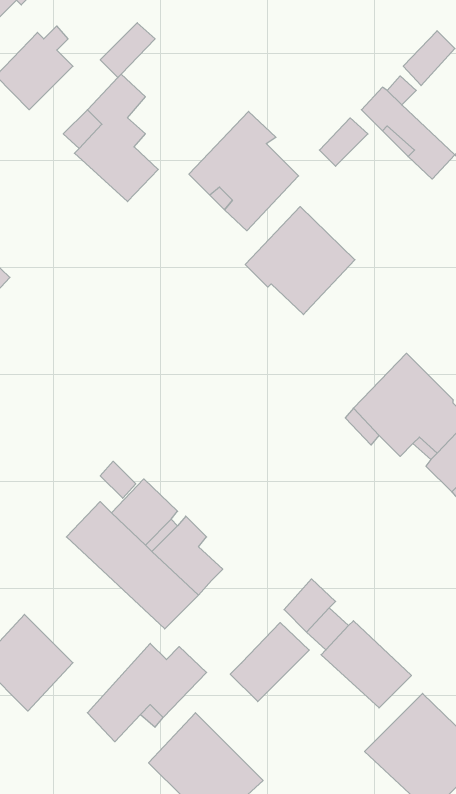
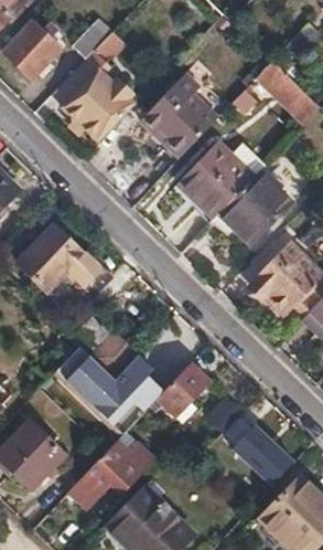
building: none -> [220,172,290,243]
building: none -> [20,225,114,298]
building: [230,623,309,702] -> [155,363,209,417]

